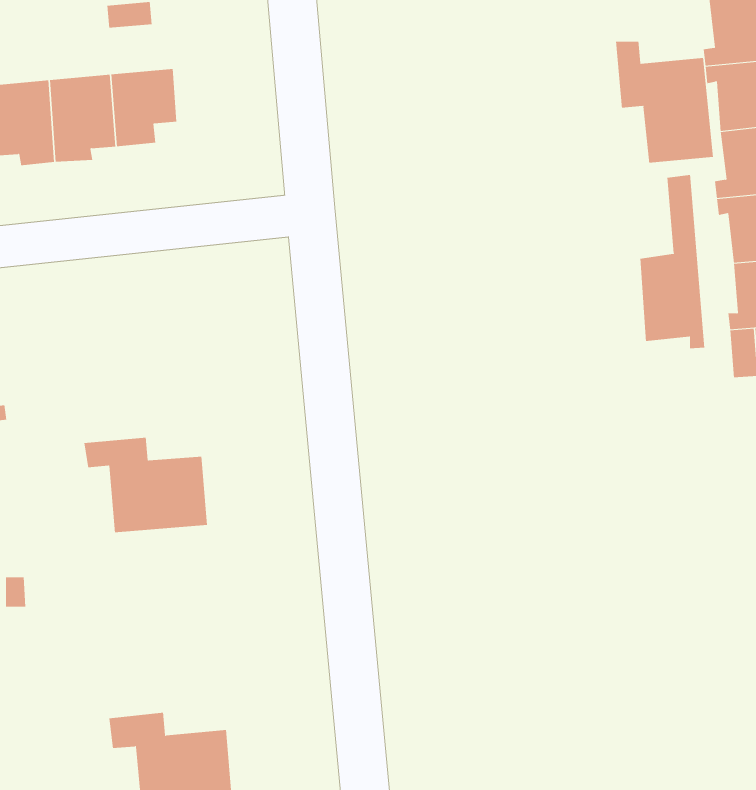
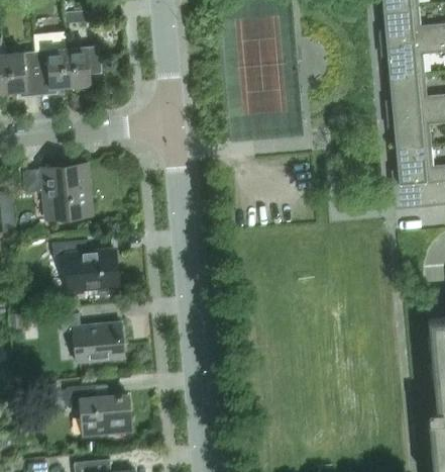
building: [615,41,713,164] -> none
building: [640,174,705,349] -> none
building: none -> [26,167,93,218]
building: none -> [61,314,126,365]

